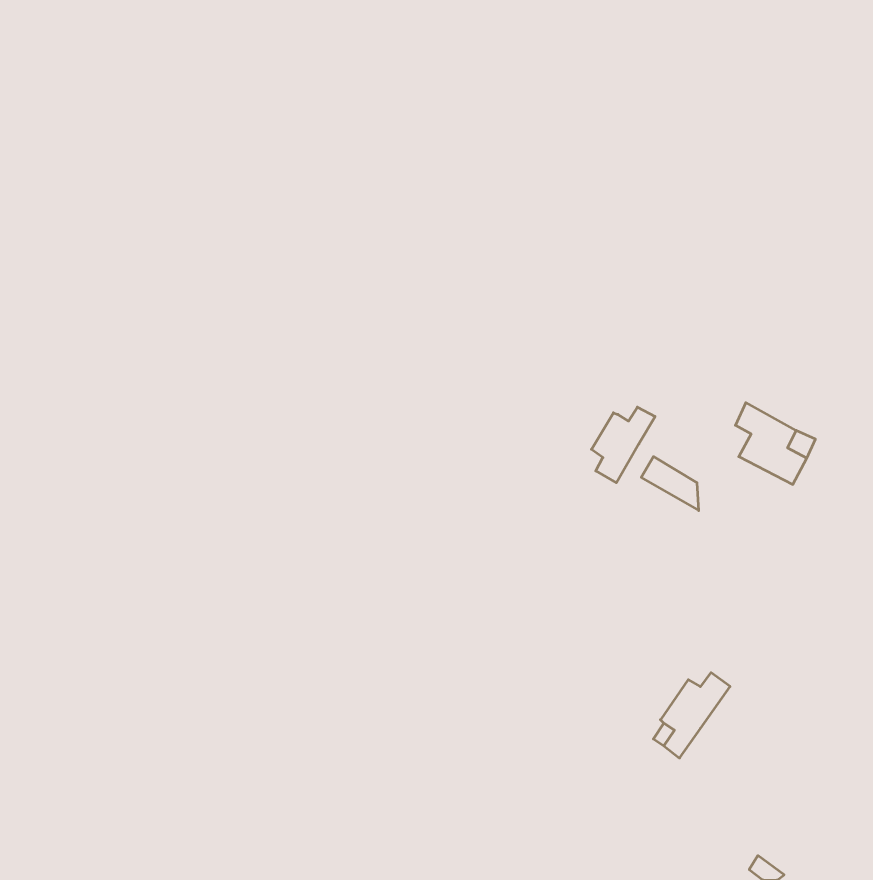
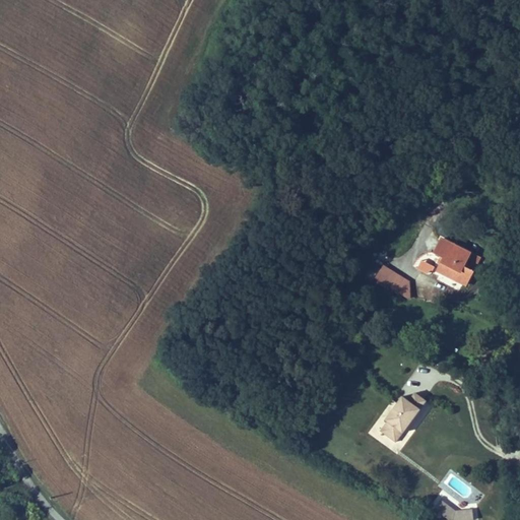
building: [591,407,655,483] -> none

